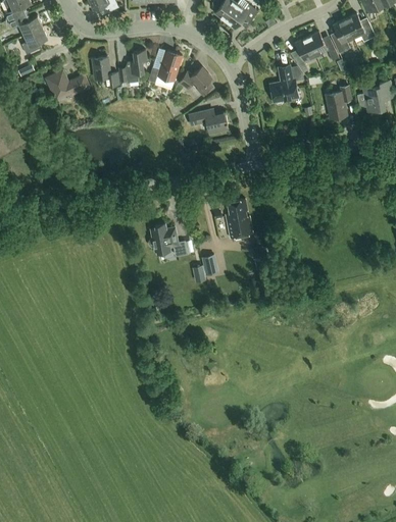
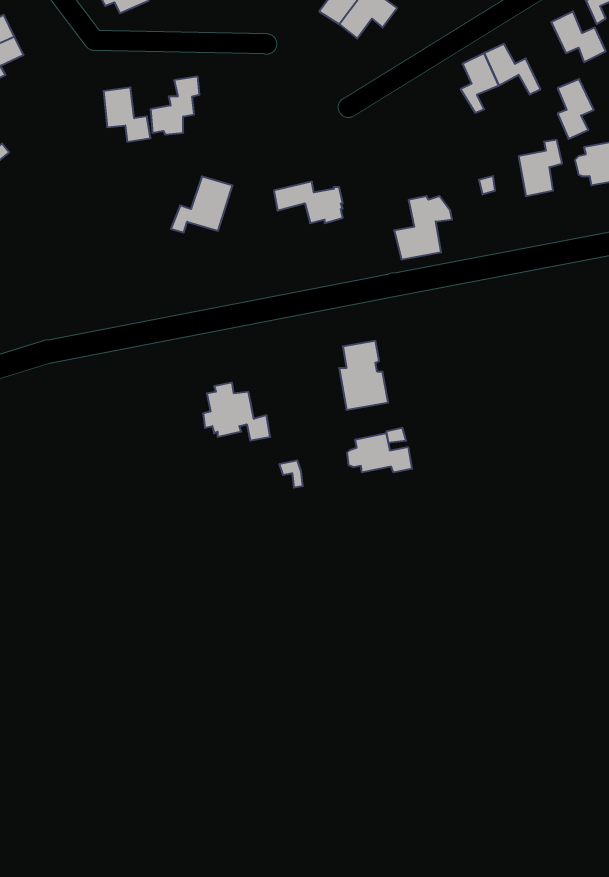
building: [332,19,352,53] -> [558,79,594,139]
building: [147,50,182,82] -> [171,176,233,233]
building: [269,65,302,101] -> [394,196,452,259]
building: [178,67,212,96] -> none
building: [45,69,89,100] -> none
building: none -> [347,433,412,472]

